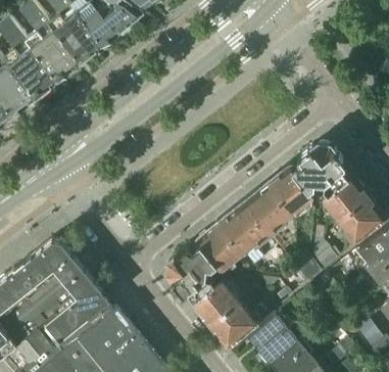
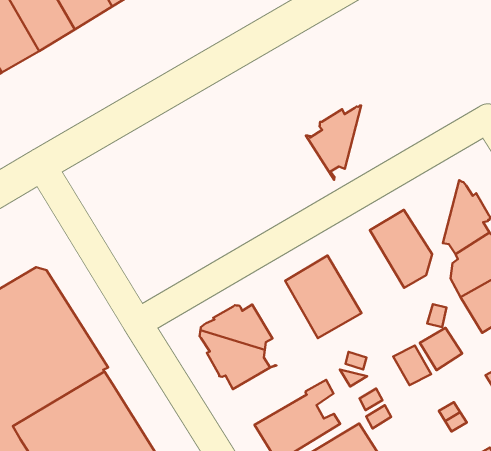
building: [290,145,324,196] -> [306,105,361,180]
building: [244,186,297,241] -> none
building: [199,227,245,270] -> none
building: [194,283,243,324] -> none

